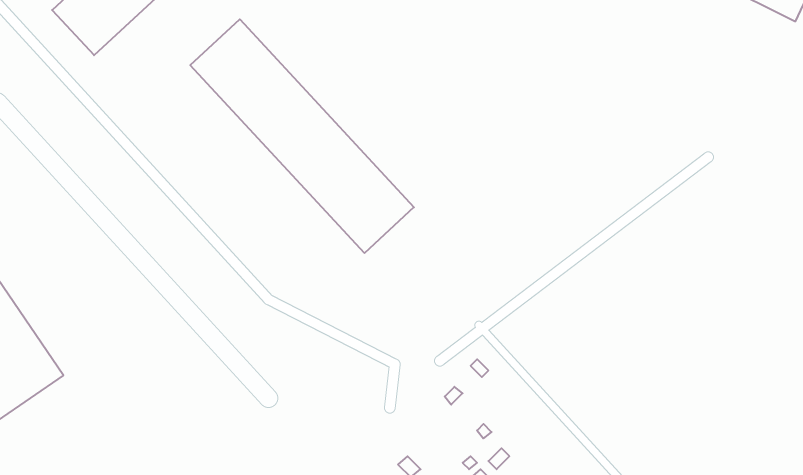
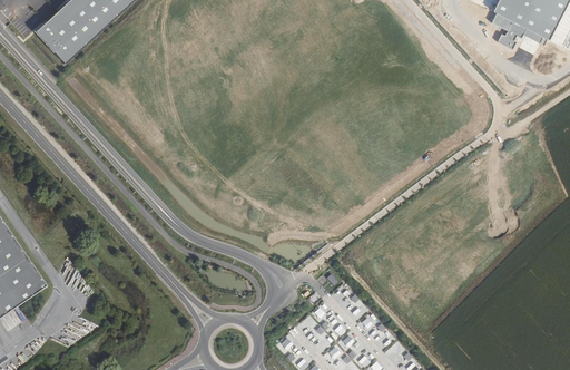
building: [190,19,414,253] -> none

